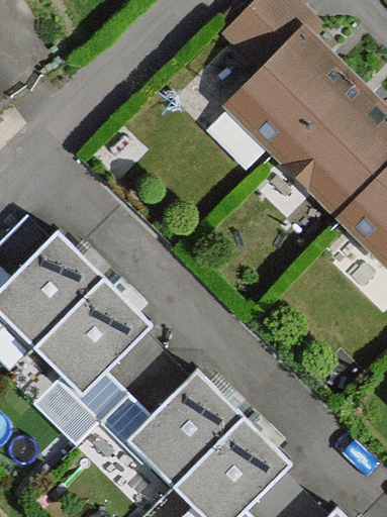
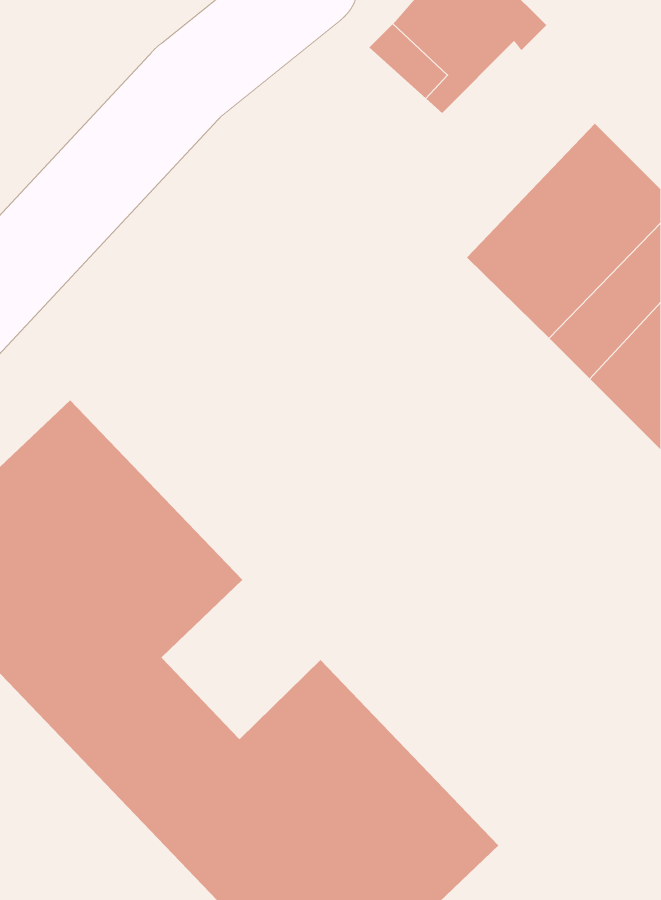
building: [230,32,349,150] -> none

